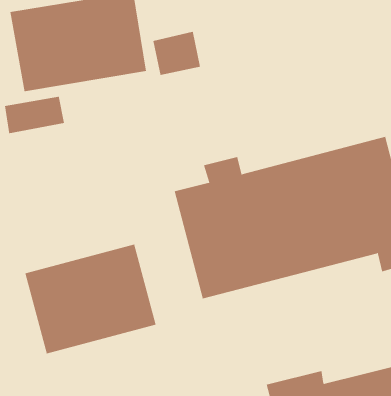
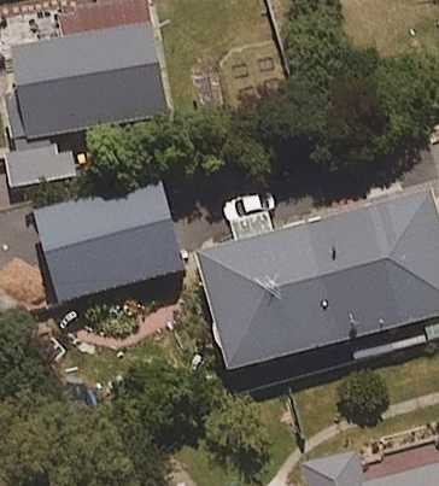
building: [25,244,156,354] -> [36,177,183,300]

